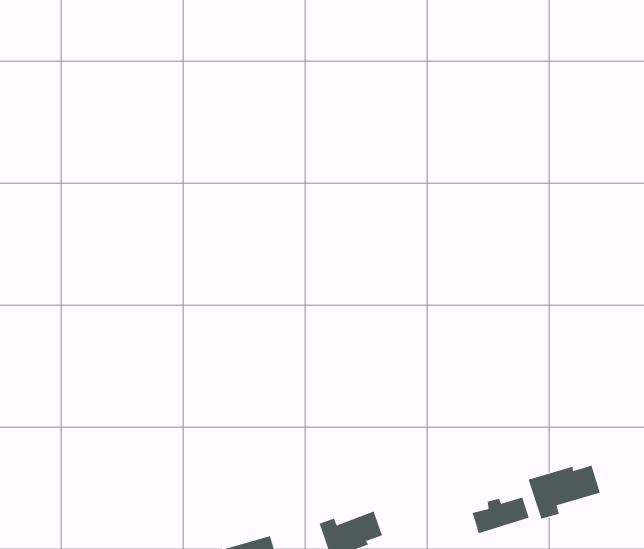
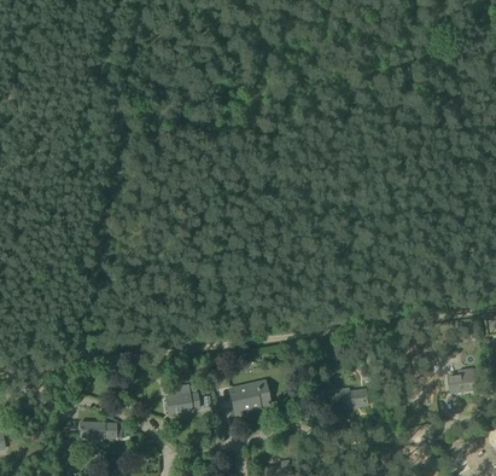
building: [528,465,601,520] -> none

